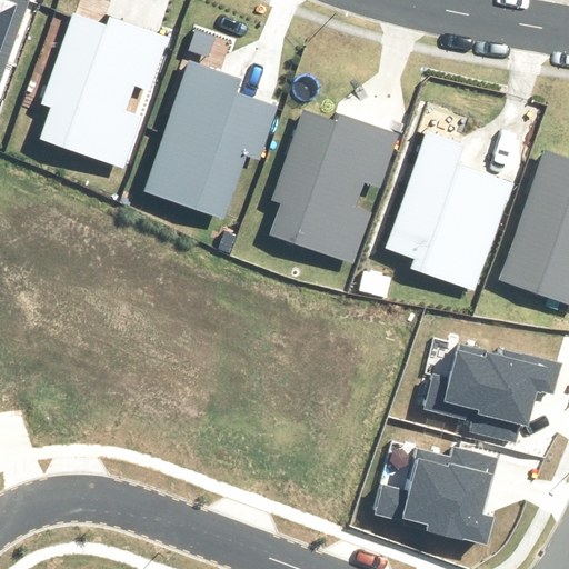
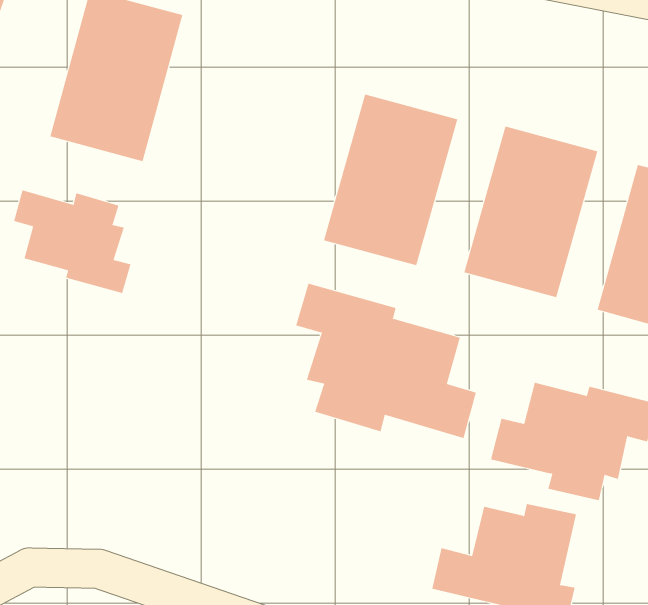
building: [157,64,269,208] -> none
building: none -> [14,189,131,294]
building: none -> [295,283,477,439]

